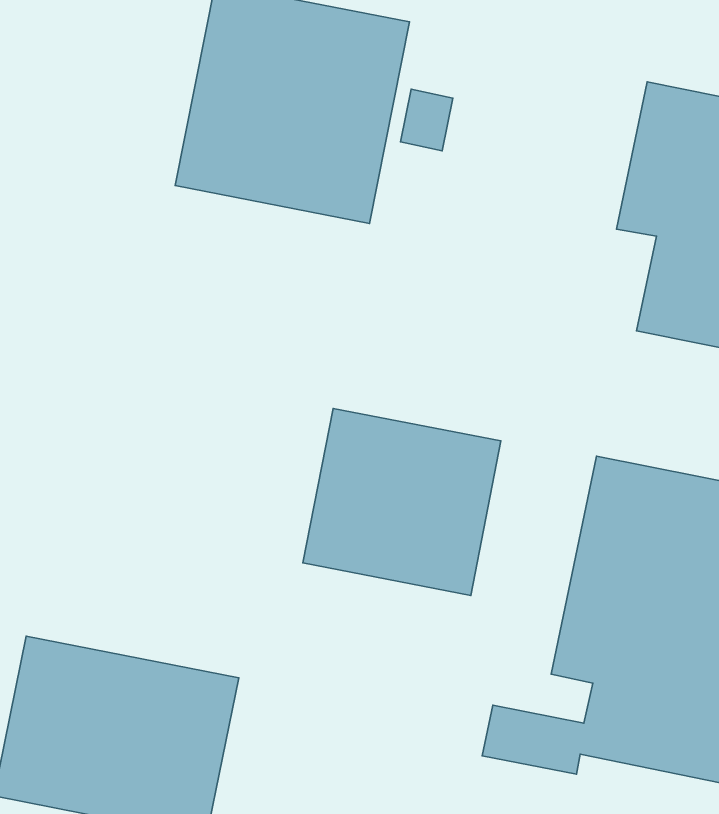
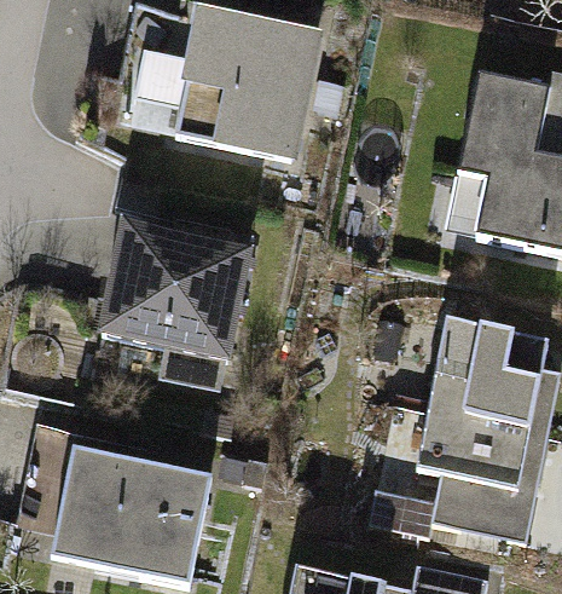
building: none -> [94,213,257,396]
building: [303,408,501,595] -> none

